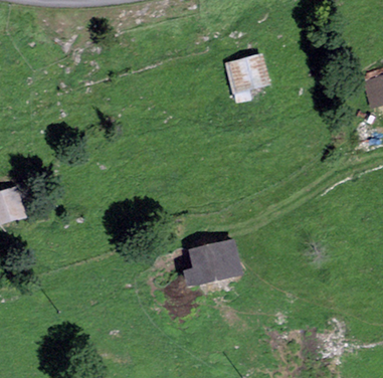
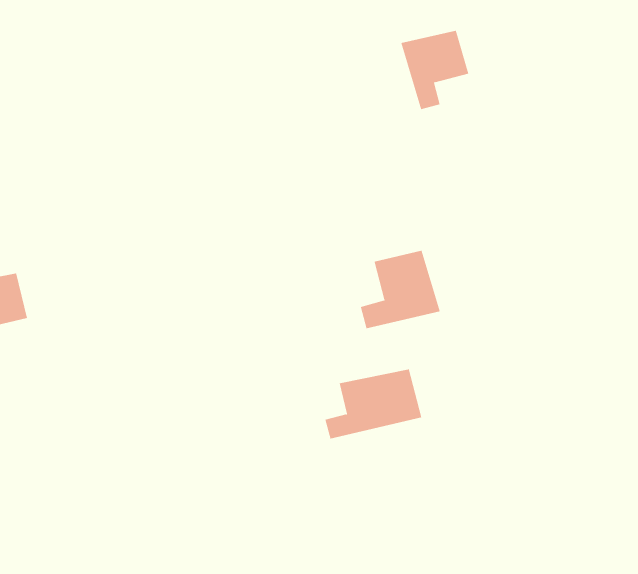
building: none -> [360,250,440,329]

